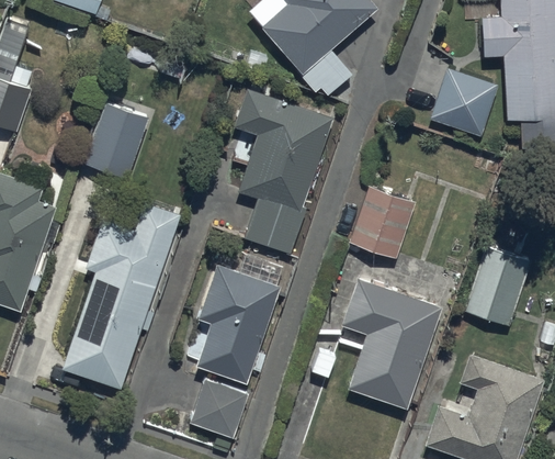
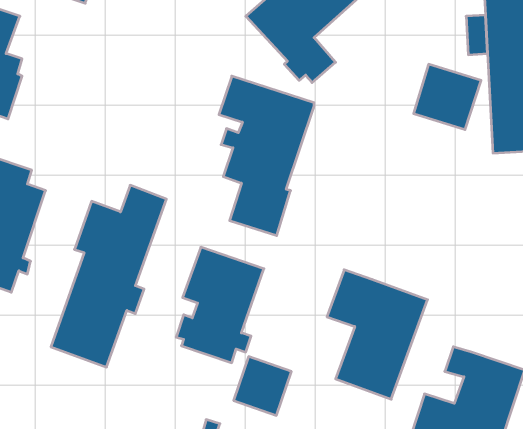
building: [81,100,145,175] -> none
building: [351,192,417,265] -> none
building: [468,255,533,333] -> none
building: [188,374,247,435] -> [234,357,291,415]

